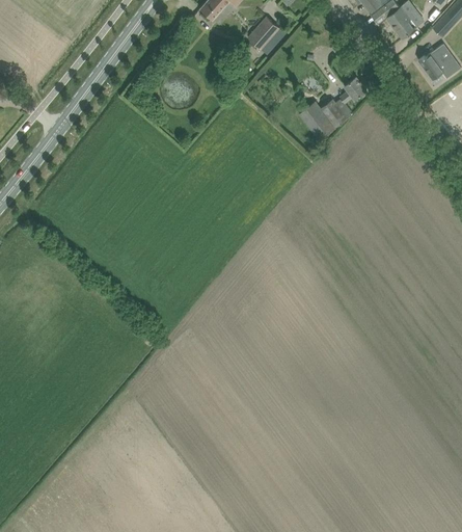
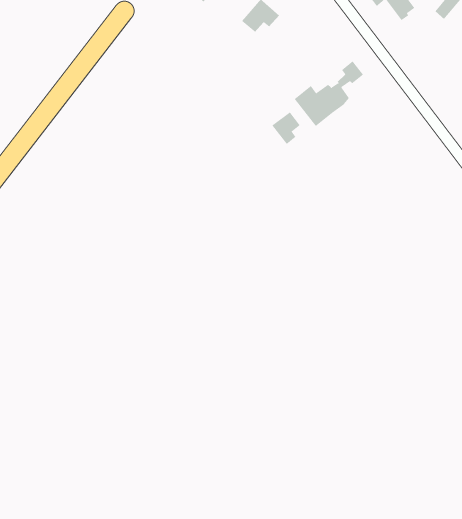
building: [417,44,455,78] -> none
building: none -> [271,111,300,145]

